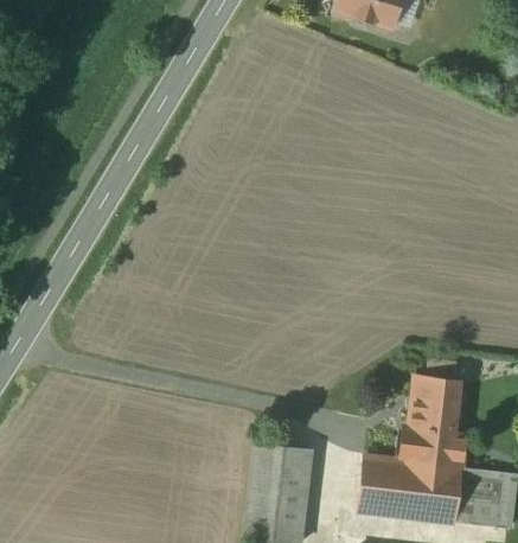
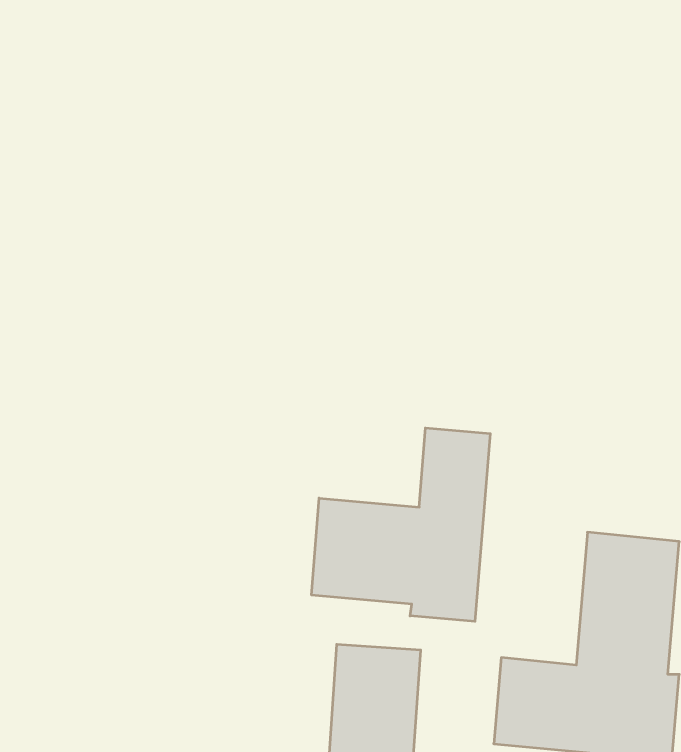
building: none -> [312,428,490,621]

